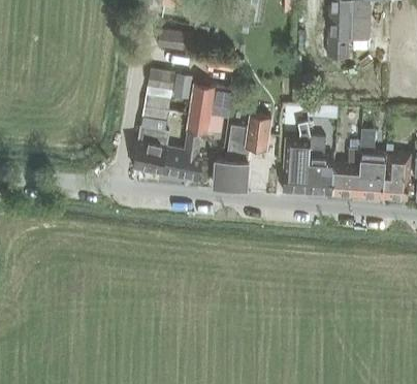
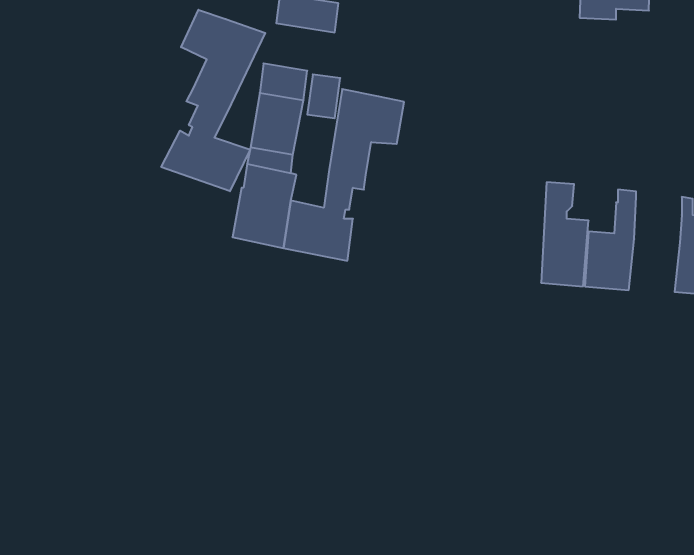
building: none -> [161,10,265,191]
building: [213,113,270,188] -> none
building: [282,122,310,192] -> none
building: [356,128,386,197] -> none

